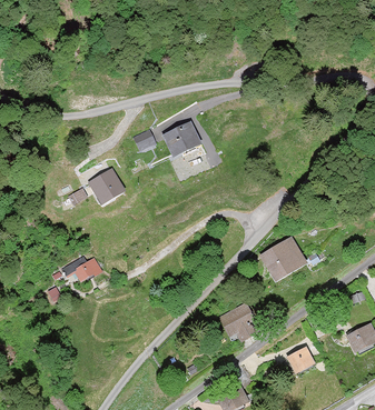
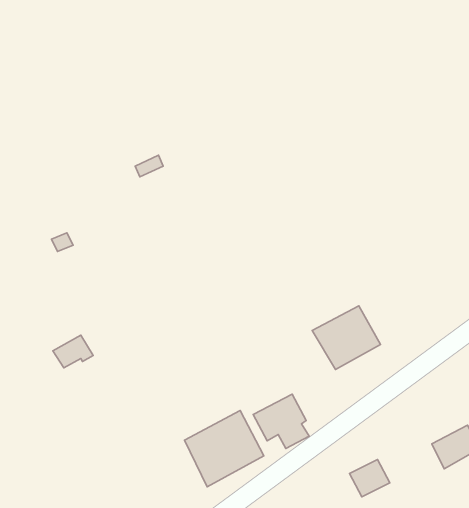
building: [161,120,201,158] -> none
building: [87,168,126,206] -> none
building: none -> [184,411,264,487]

